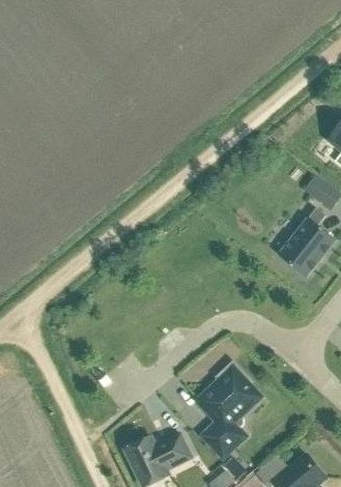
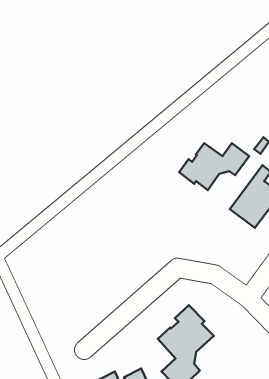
building: none -> [179,143,249,190]

